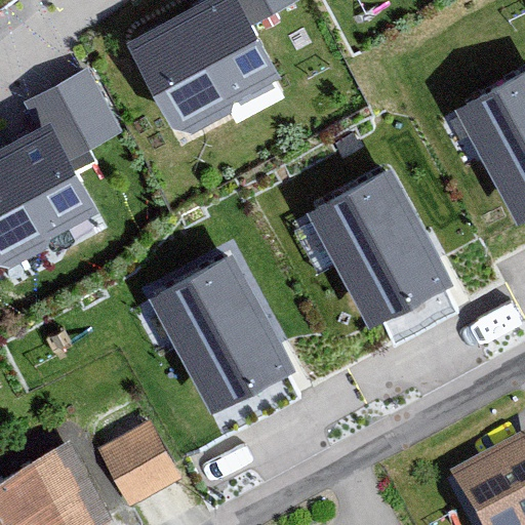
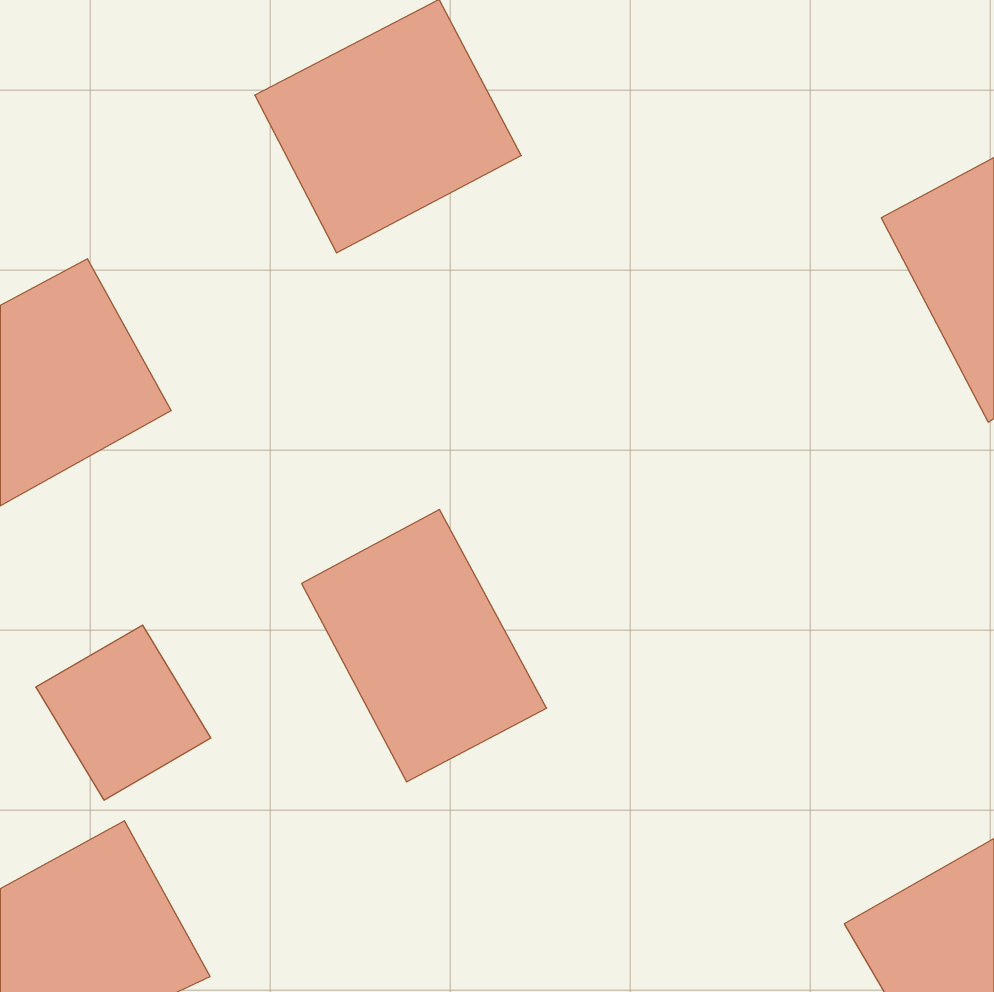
building: [27,55,126,158] -> none
building: [316,181,444,325] -> none
building: [92,418,185,511] -> [36,625,211,800]

